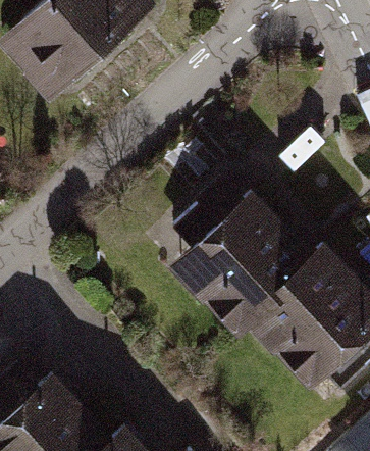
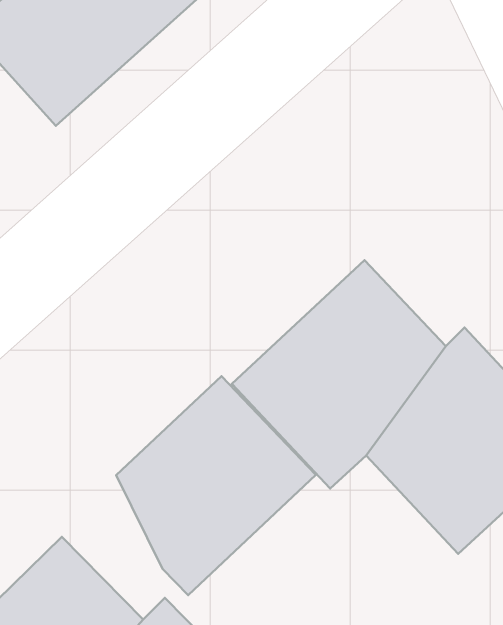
building: none -> [116,376,316,595]

